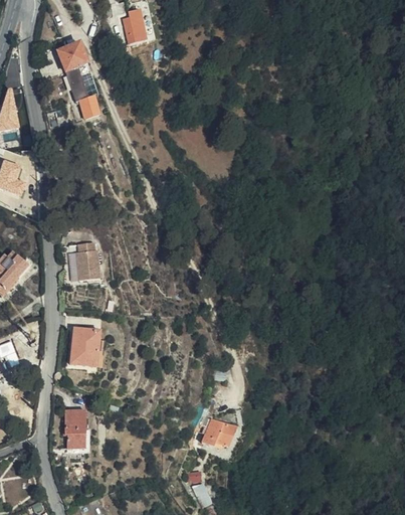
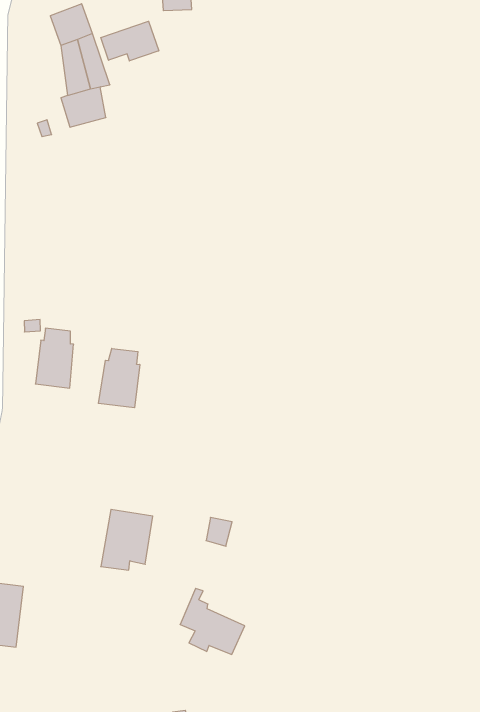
building: none -> [101,21,159,61]
building: none -> [98,348,140,408]
building: [69,333,98,370] -> [101,509,153,570]

